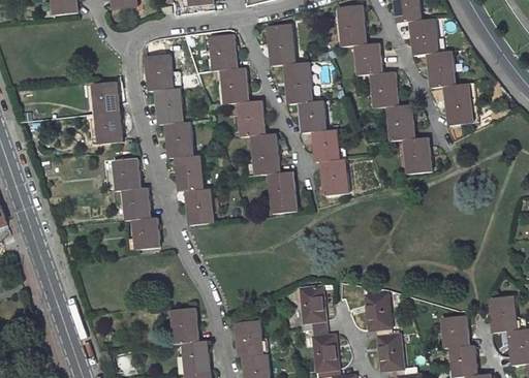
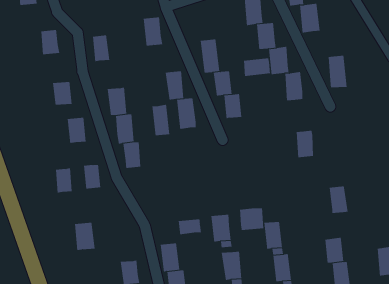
building: [267,27,292,64] -> none
building: [427,50,453,85] -> none
building: [224,67,249,104] -> none
building: none -> [243,57,270,77]
building: [94,85,119,117] -> [41,29,60,55]
building: [156,88,182,124] -> none
building: [405,136,428,171] -> [296,130,314,158]
building: [320,159,345,194] -> none
building: [271,171,294,212] -> [151,104,170,136]
building: [126,190,148,222] -> [55,168,72,193]
building: none -> [239,208,264,231]
building: none -> [178,218,201,235]
building: [489,292,514,327] -> [329,186,348,213]
building: [172,308,198,344] -> [74,222,95,251]

